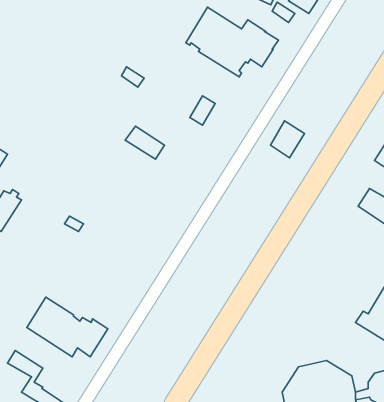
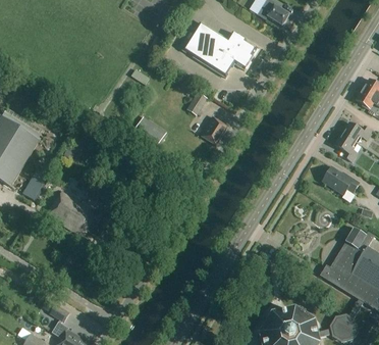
building: [270,121,305,158] -> [201,115,228,145]
building: [27,297,108,357] -> [47,190,112,238]

